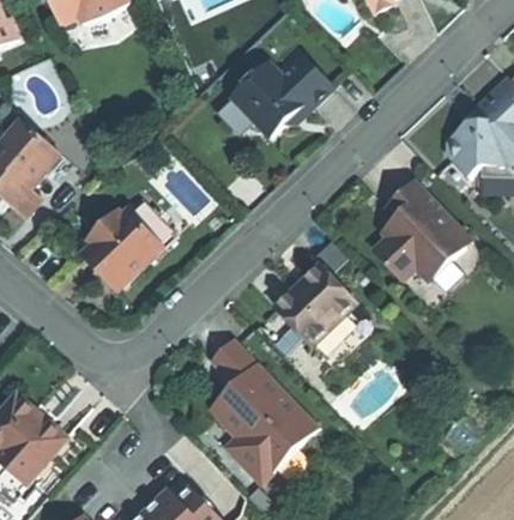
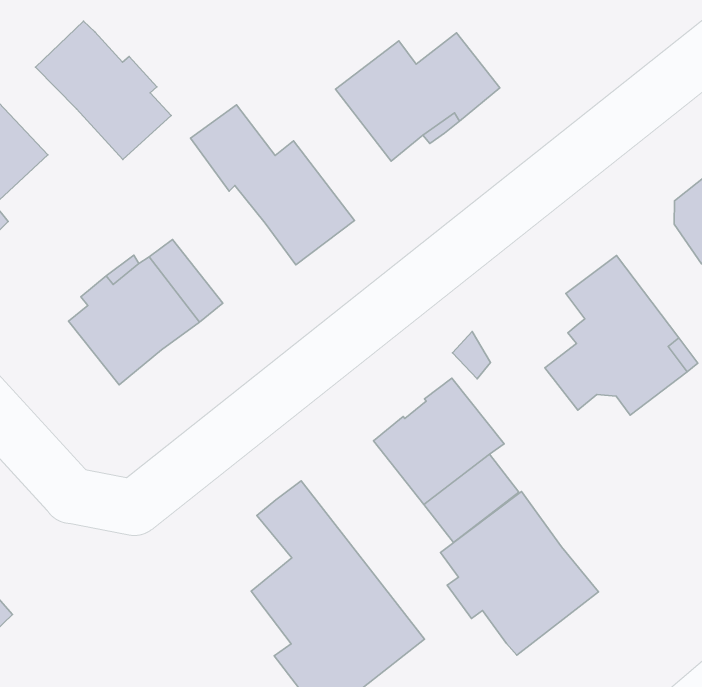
building: none -> [36,21,171,160]
building: none -> [190,105,354,265]
building: none -> [440,491,598,655]

